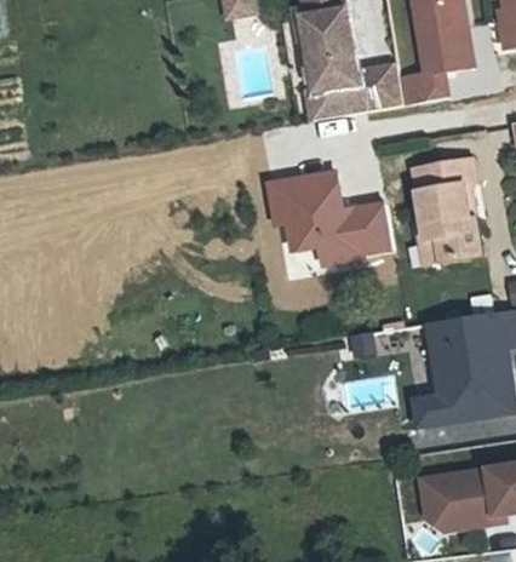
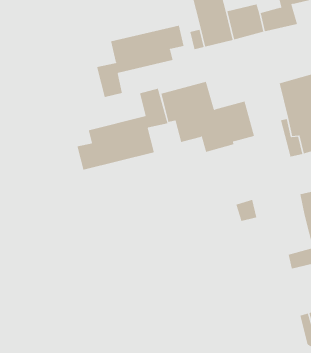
building: none -> [96,25,184,98]
building: none -> [77,88,168,171]

